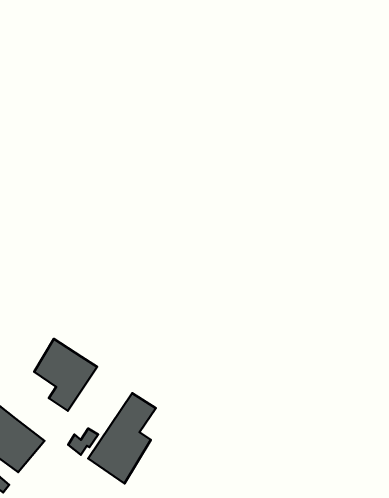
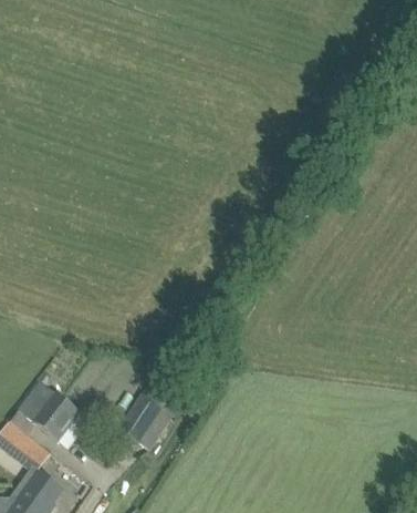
building: [34,339,97,411] -> none

